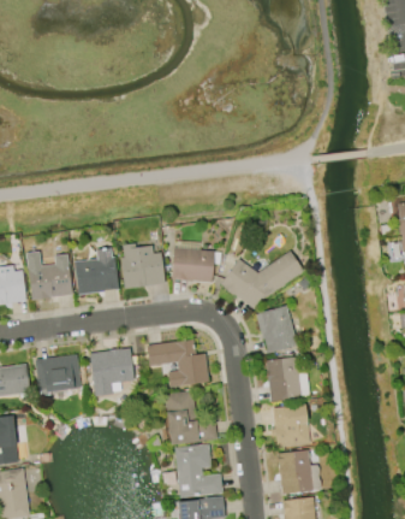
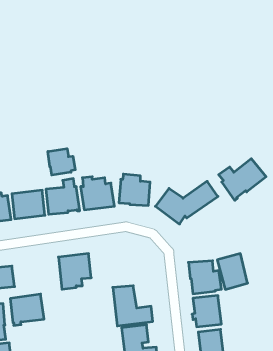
building: none -> [48,149,75,175]
building: none -> [219,159,266,200]
building: [255,306,296,354] -> [217,254,248,289]
building: [145,340,208,388] -> none
building: [35,354,81,396] -> [10,294,44,325]

